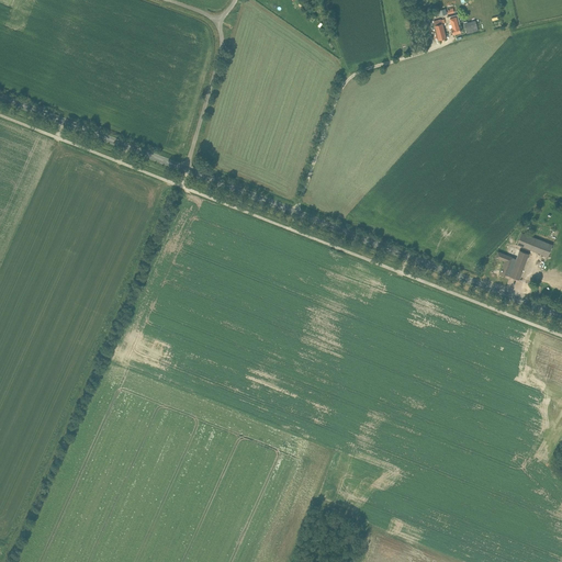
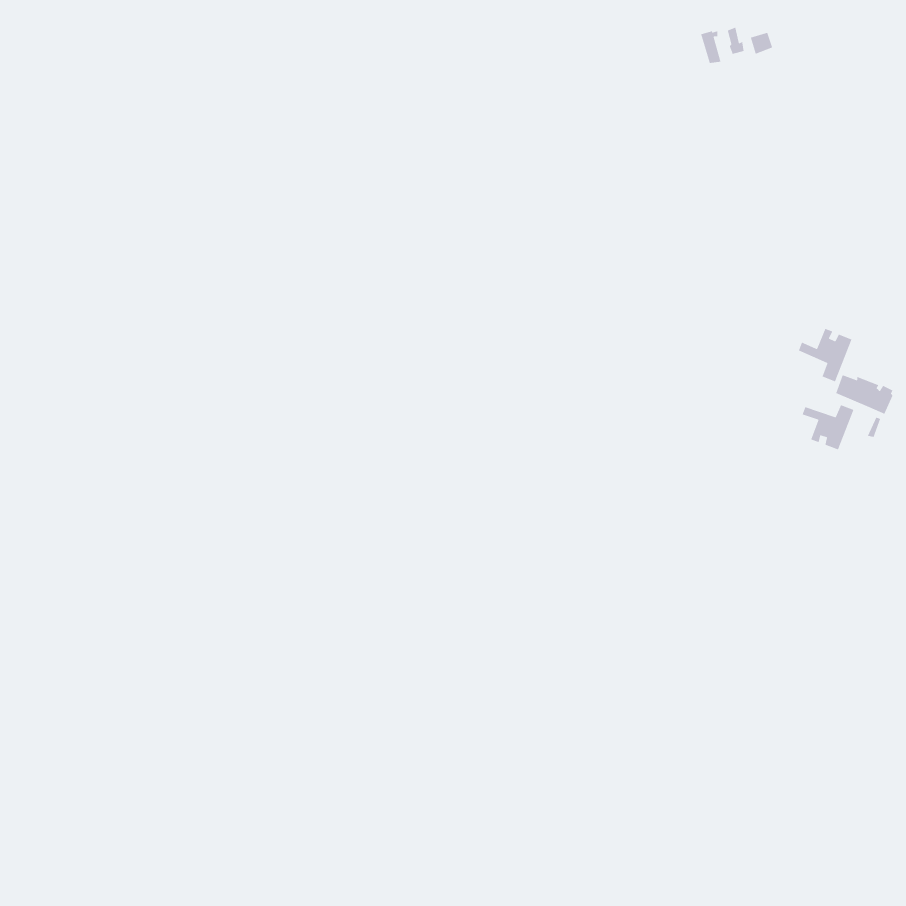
building: none -> [798,328,852,383]

